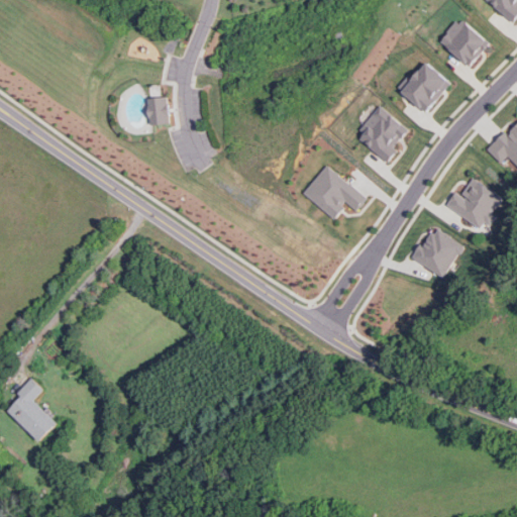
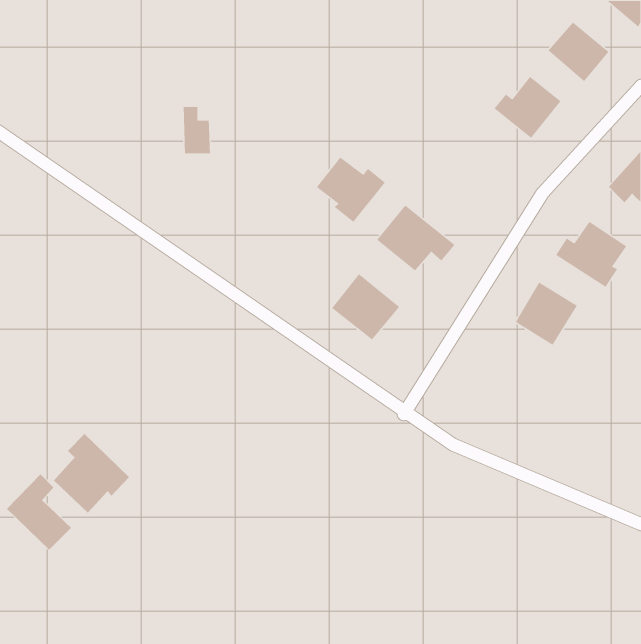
building: [353,105,407,163] -> none
building: none -> [316,156,386,223]
building: none -> [331,273,400,340]
building: none -> [53,433,130,513]

